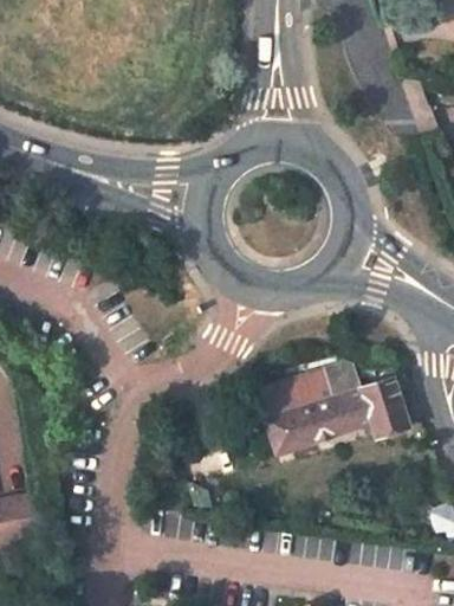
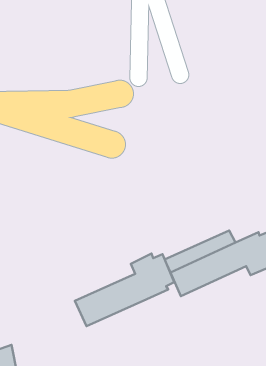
building: none -> [75,253,174,326]

